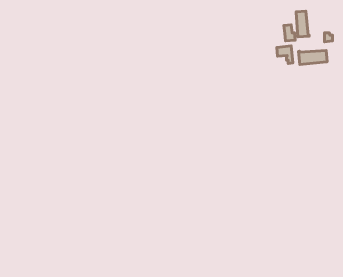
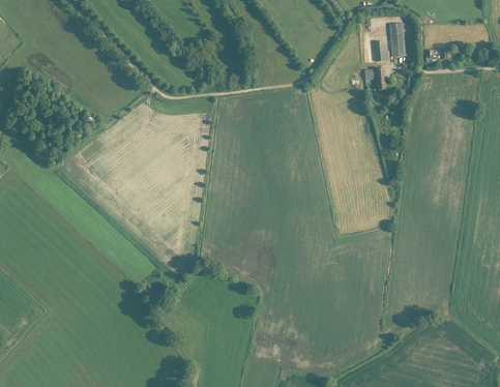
building: [299,50,327,64] -> none

